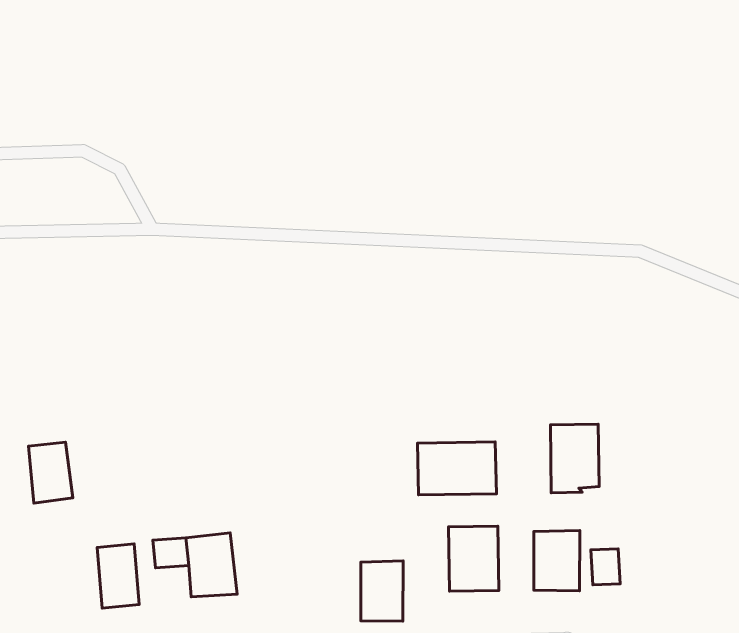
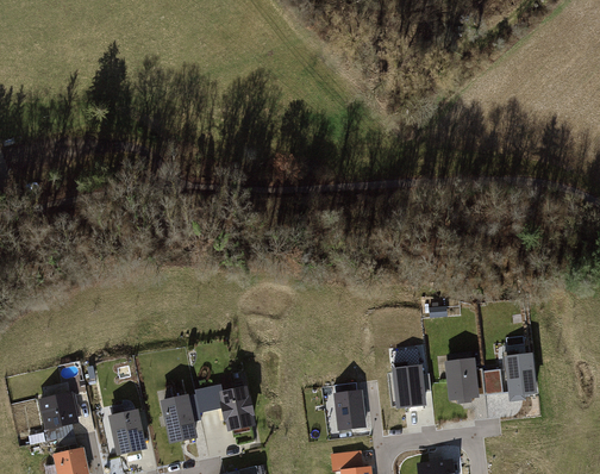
building: [550,424,599,493] -> [502,355,538,403]
building: [417,442,496,495] -> none
building: [28,442,73,503] -> [110,408,142,450]

